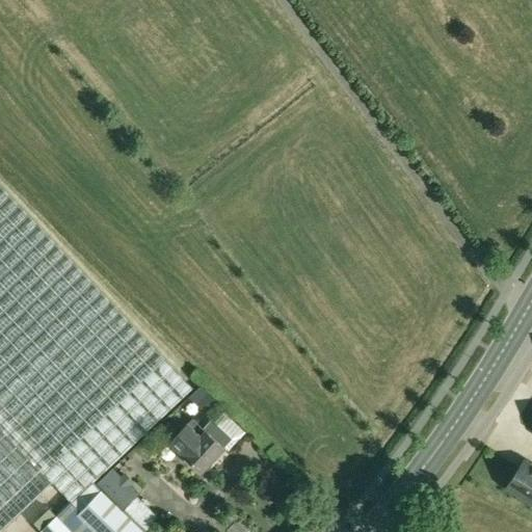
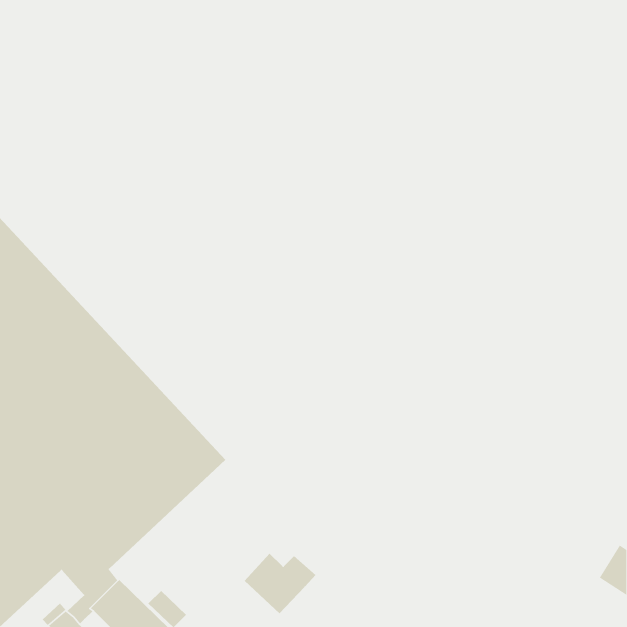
building: [170,419,232,471] -> [244,553,316,614]
building: [98,470,139,511] -> none

